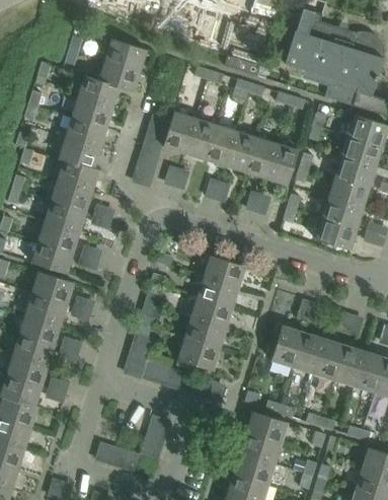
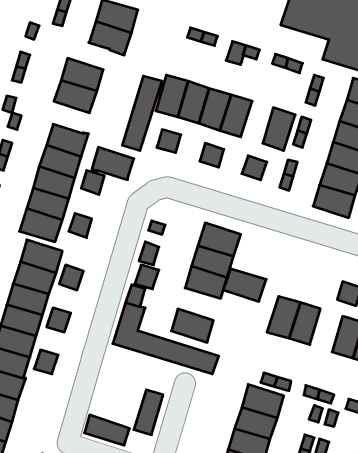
building: [78,76,119,108] -> none
building: [59,138,99,169] -> [92,147,134,180]
building: [245,138,277,178] -> none
building: [184,318,226,350] -> [223,269,266,301]
building: [312,339,343,380] -> none

